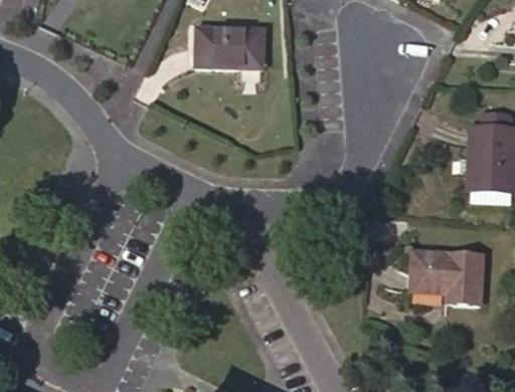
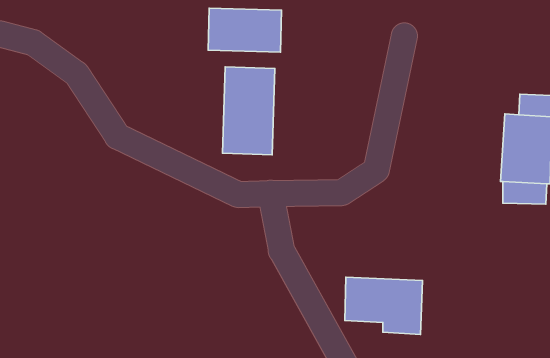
building: none -> [223,67,275,155]
building: [410,250,483,304] -> [345,277,423,334]

